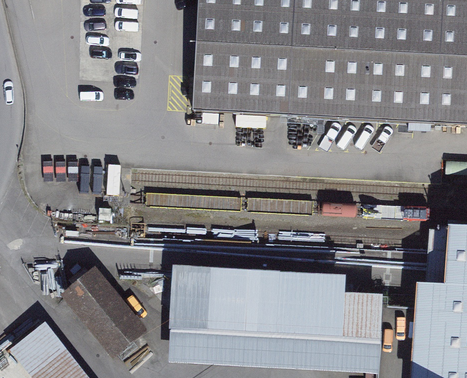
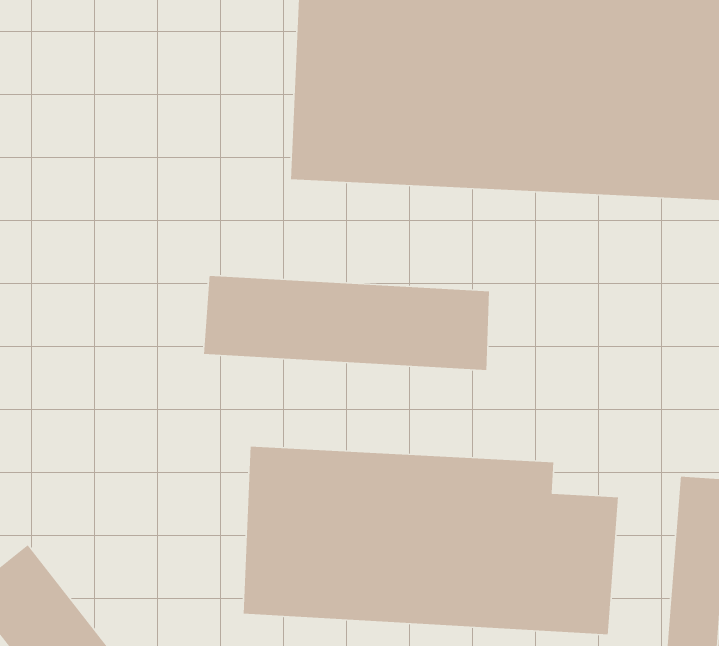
building: none -> [203,275,490,371]
building: [60,263,147,357] -> none

